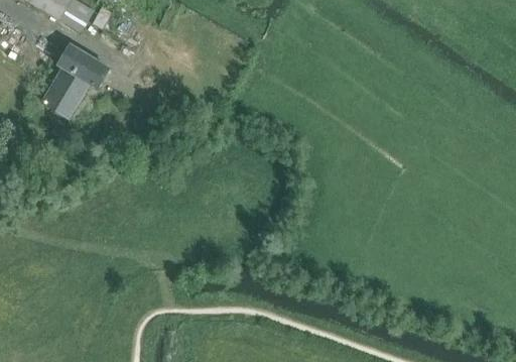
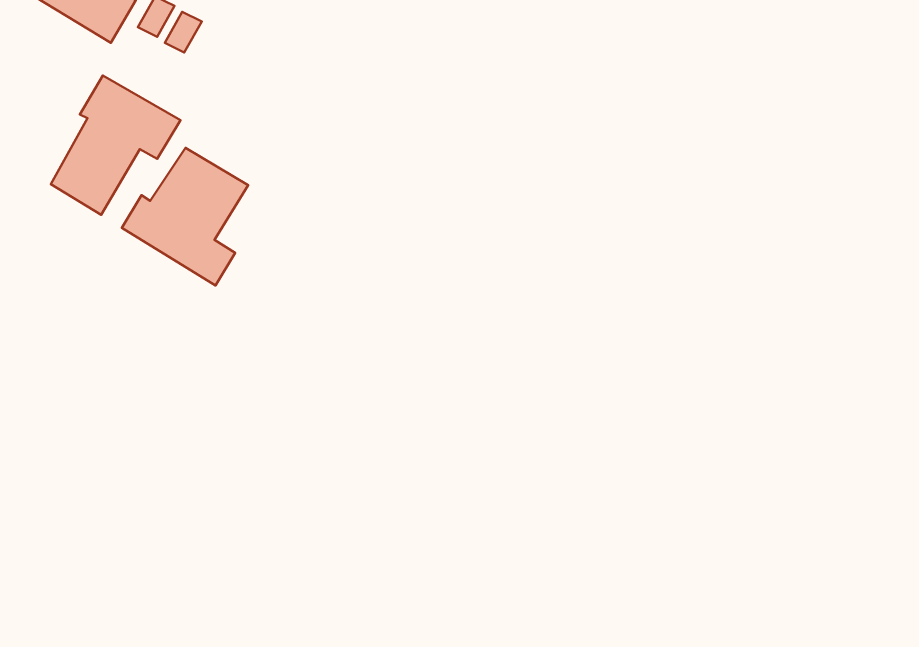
building: none -> [122,148,248,286]

